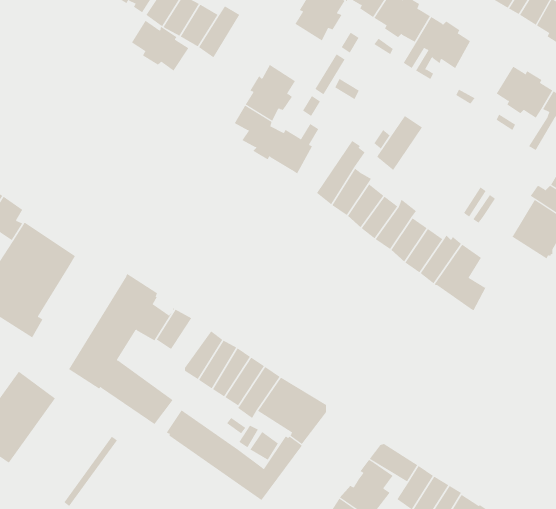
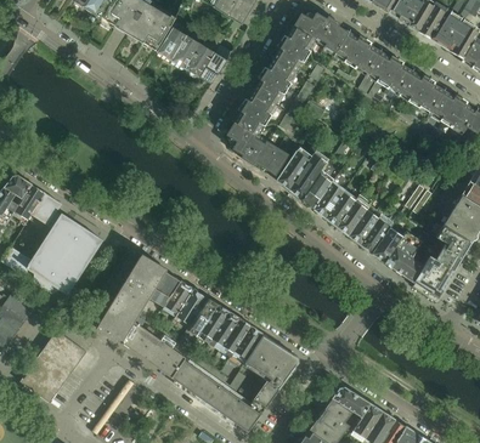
building: [131,20,189,72] -> none
building: none -> [254,58,295,103]
building: none -> [400,72,445,113]
building: [376,115,423,171] -> [277,147,314,191]
building: none -> [414,226,471,299]
building: none -> [174,289,208,328]

